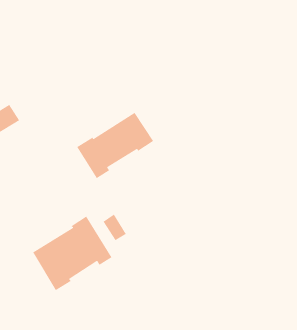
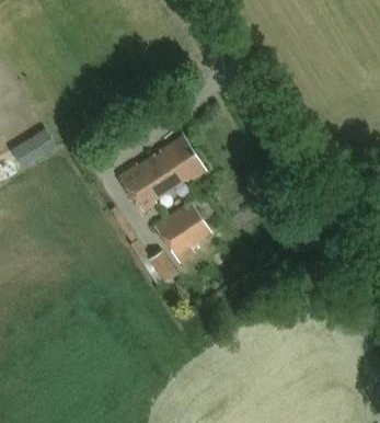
building: none -> [154,204,212,259]
building: [32,216,113,291] -> none

